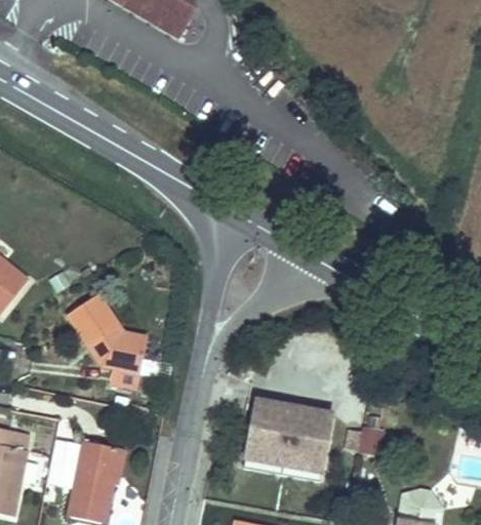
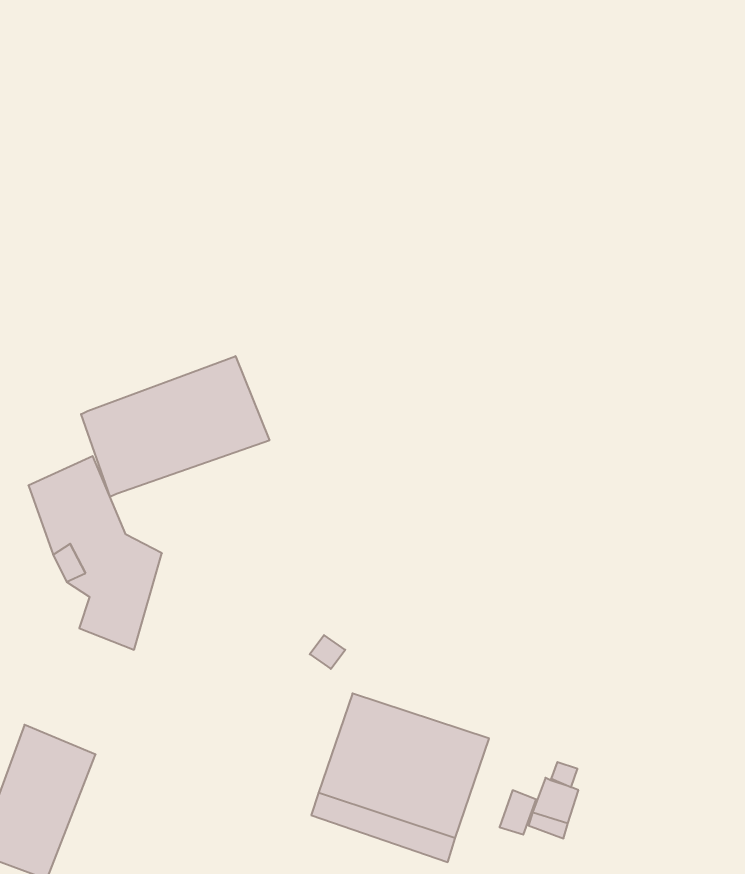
building: none -> [81,356,269,497]

